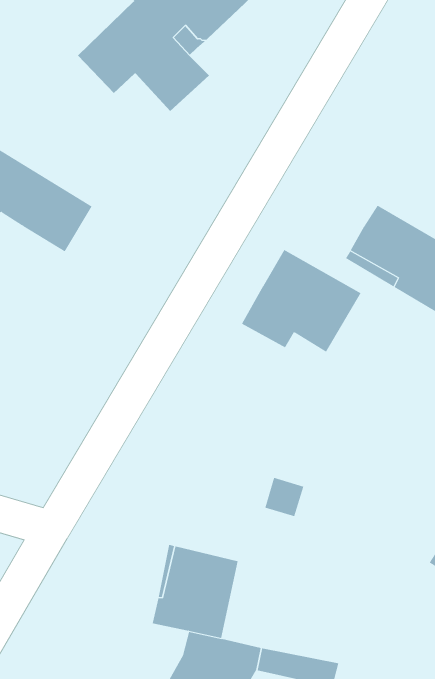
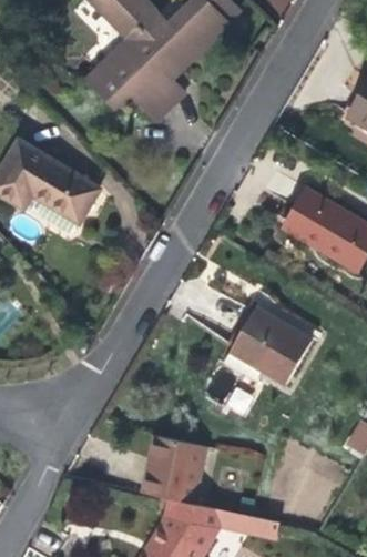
building: [241,249,362,353] -> [224,307,312,383]

